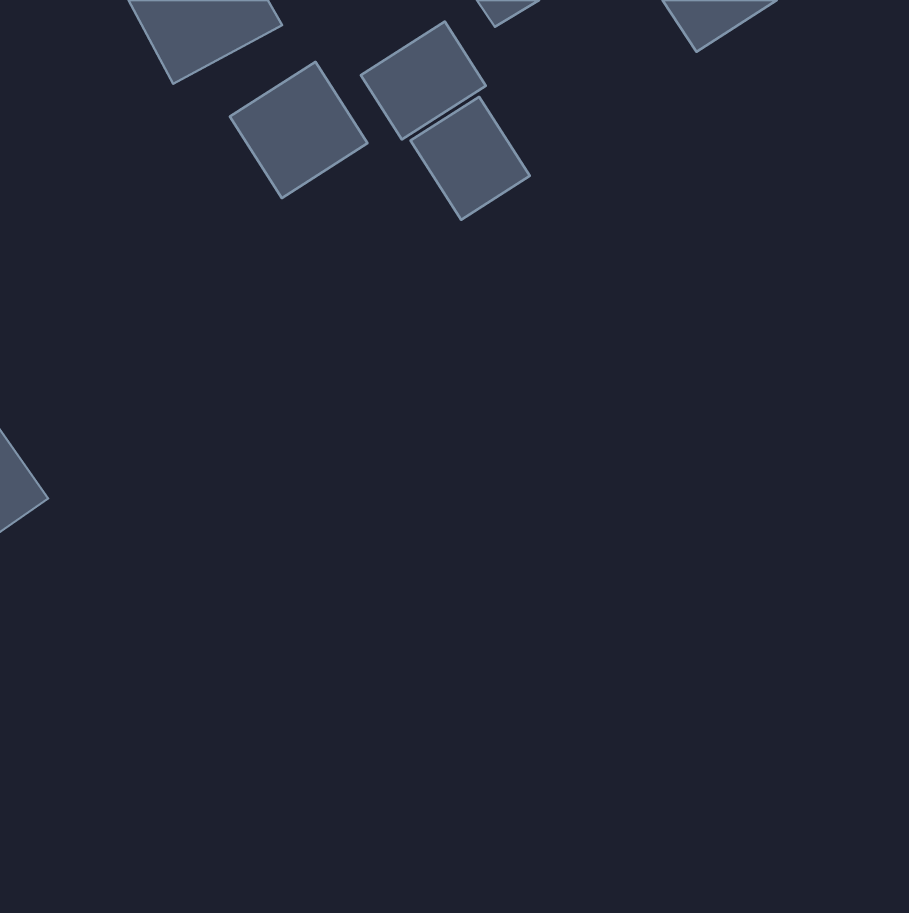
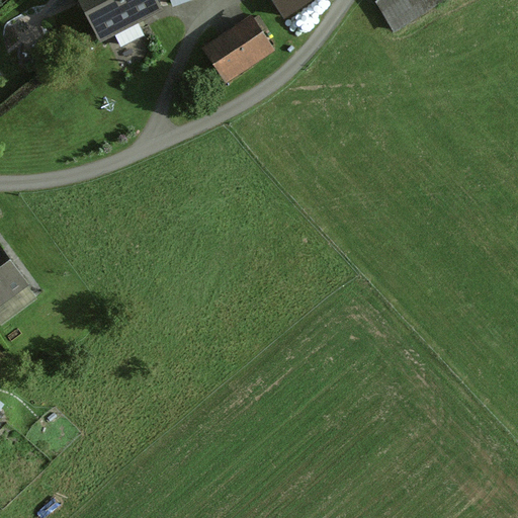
building: [230,62,368,198] -> none
building: [411,97,530,220] -> none

